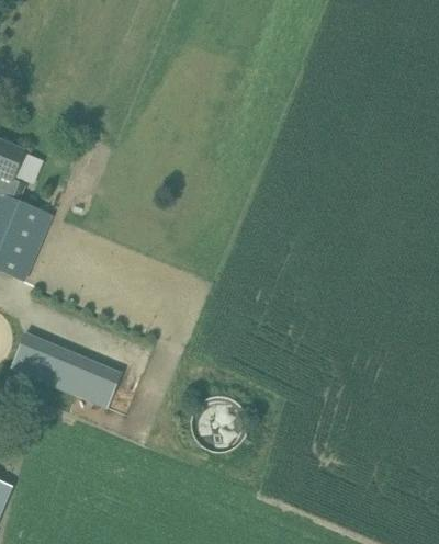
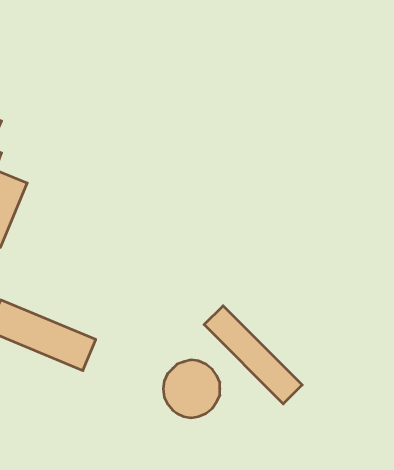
building: none -> [204,306,302,404]

